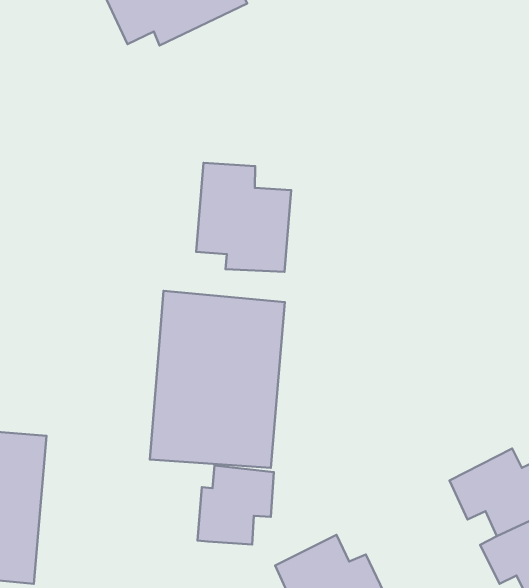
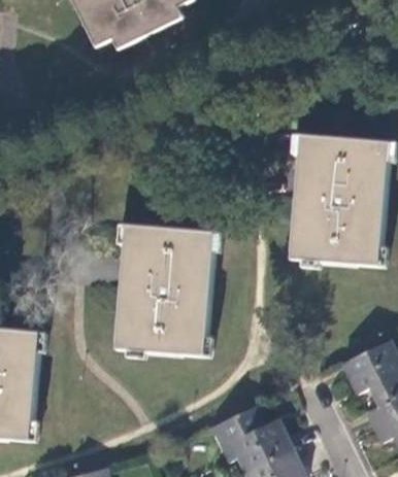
building: [196,163,291,272] -> none
building: none -> [290,135,390,267]
building: [197,466,274,544] -> none

